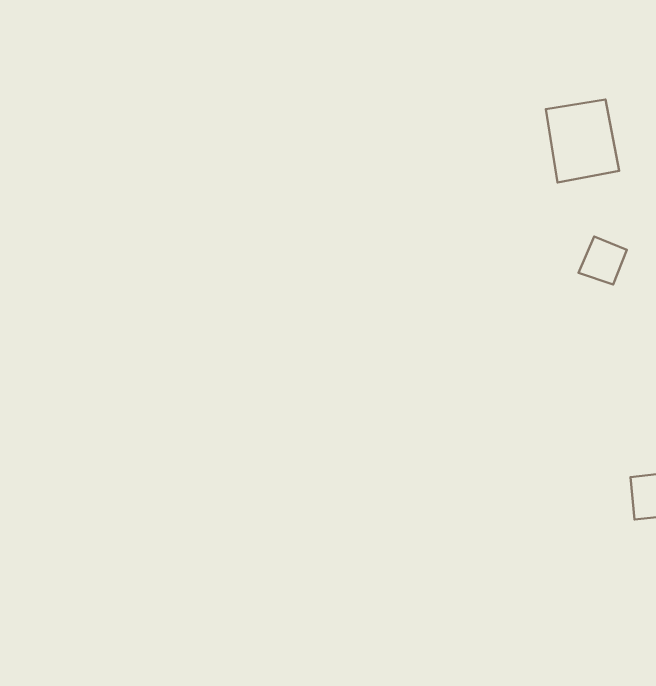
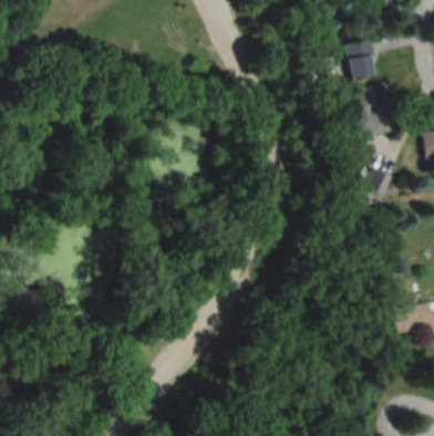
building: none -> [349,41,375,76]

